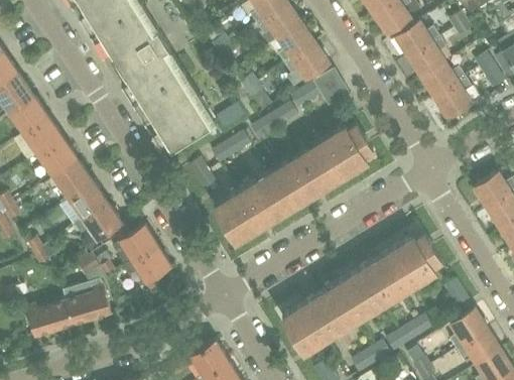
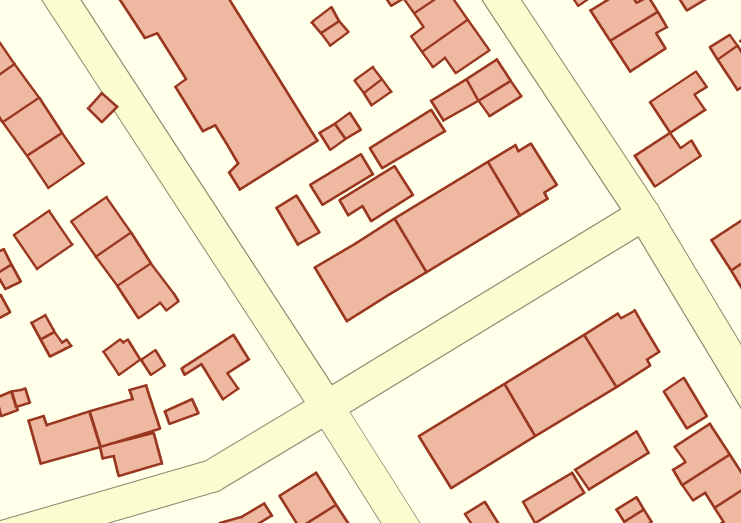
building: [421,62,465,98] -> [635,133,701,186]
building: [38,138,77,176] -> [14,211,72,269]
building: none -> [340,166,413,221]
building: [116,225,160,273] -> none
building: none -> [100,433,162,476]

